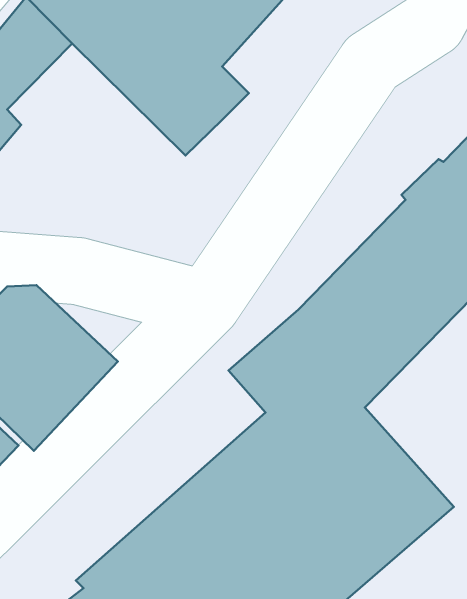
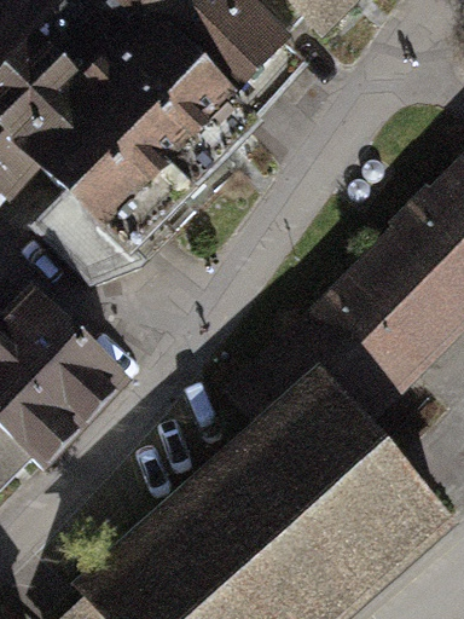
building: none -> [21,76,190,278]

